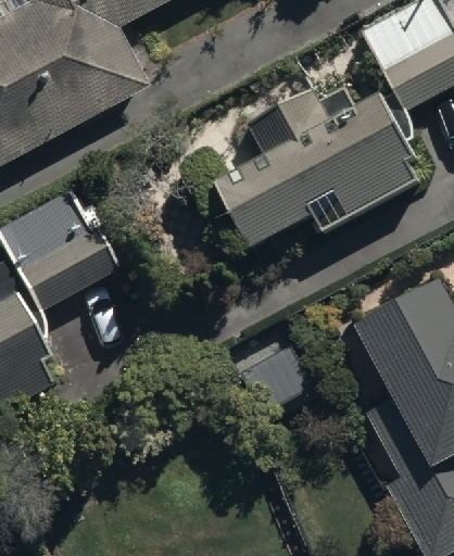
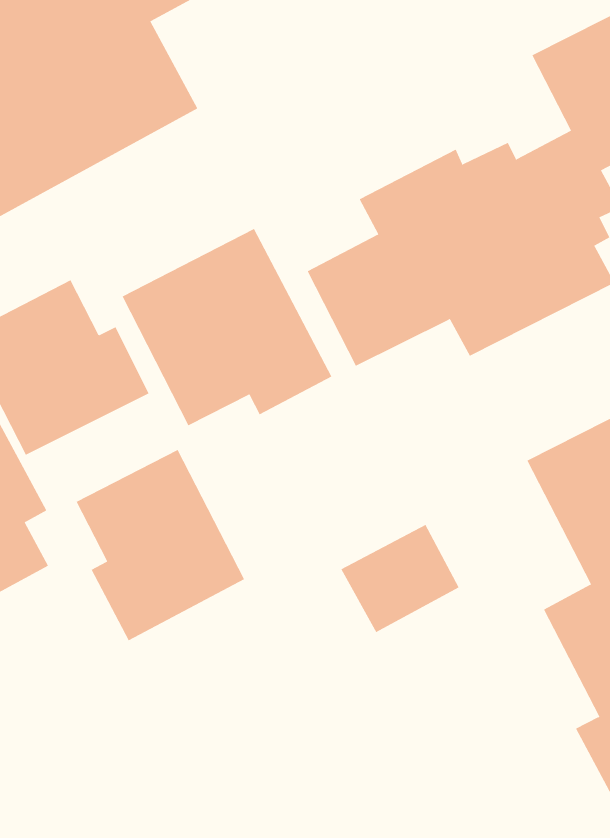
building: none -> [122,228,332,426]
building: none -> [76,449,245,641]

